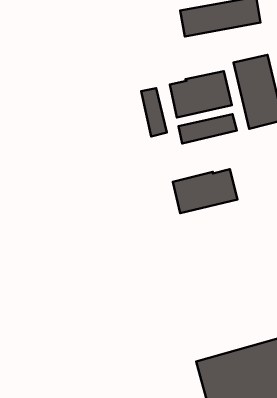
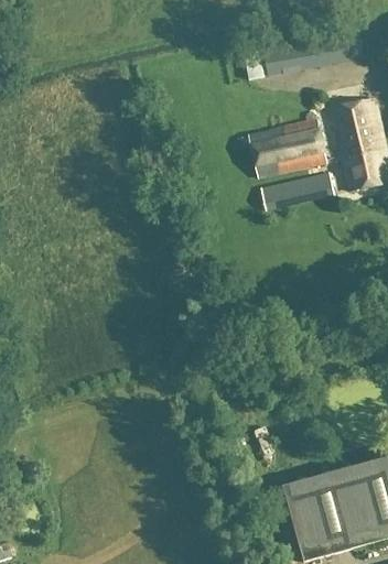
building: [141,88,167,136] -> none
building: [173,169,238,213] -> none

